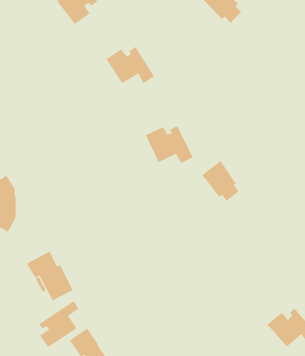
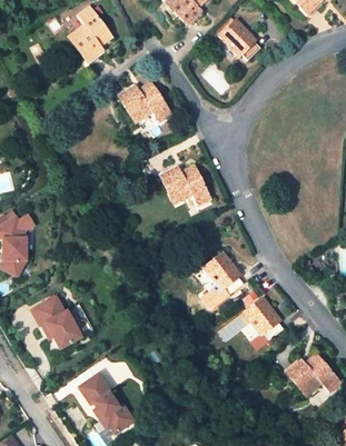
building: [202,160,239,202] -> [202,250,241,294]
building: none -> [244,297,281,339]
building: [38,300,79,348] -> none

